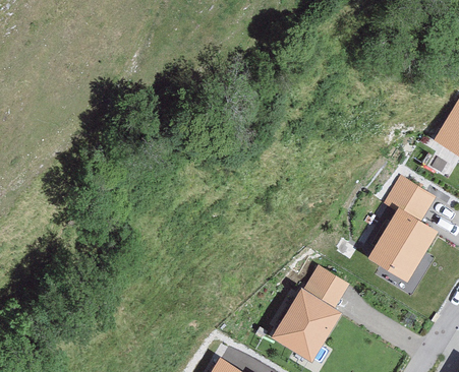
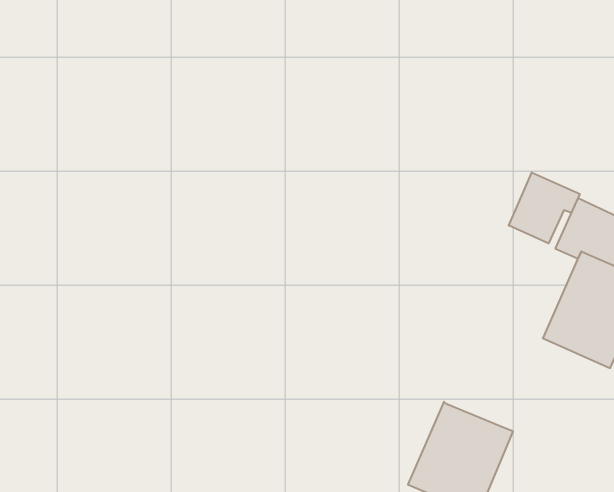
building: none -> [509,172,580,243]
building: [301,264,349,310] -> none

